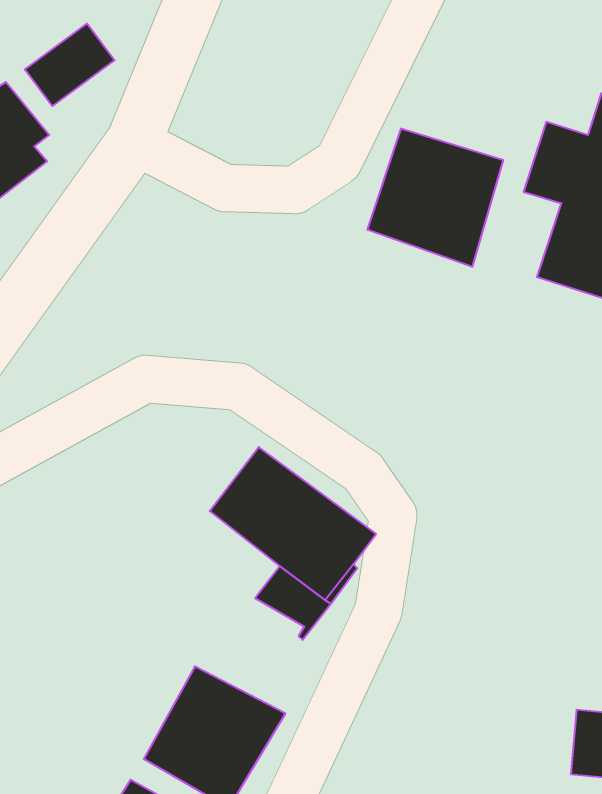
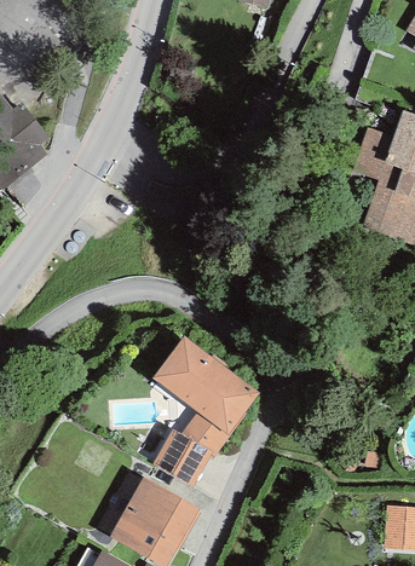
building: [25,24,115,106] -> none
building: [368,128,503,267] -> none
building: none -> [152,428,213,486]

